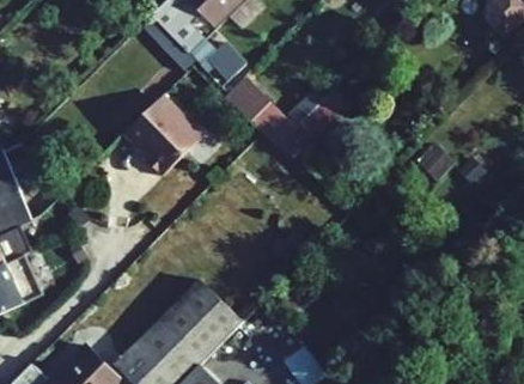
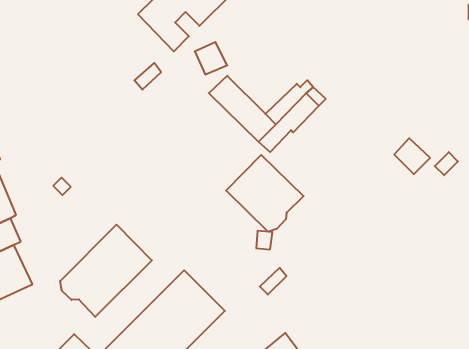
building: [124,97,202,176] -> none
building: none -> [226,155,304,232]
building: none -> [60,225,152,317]

